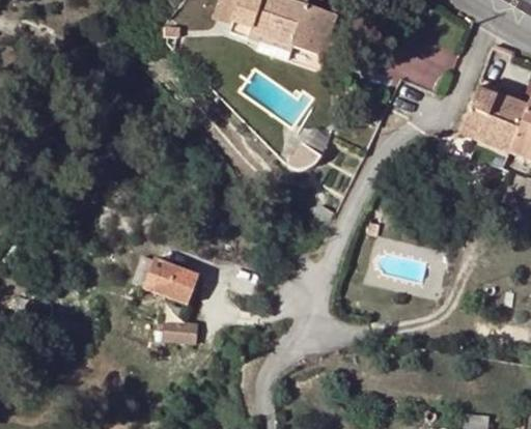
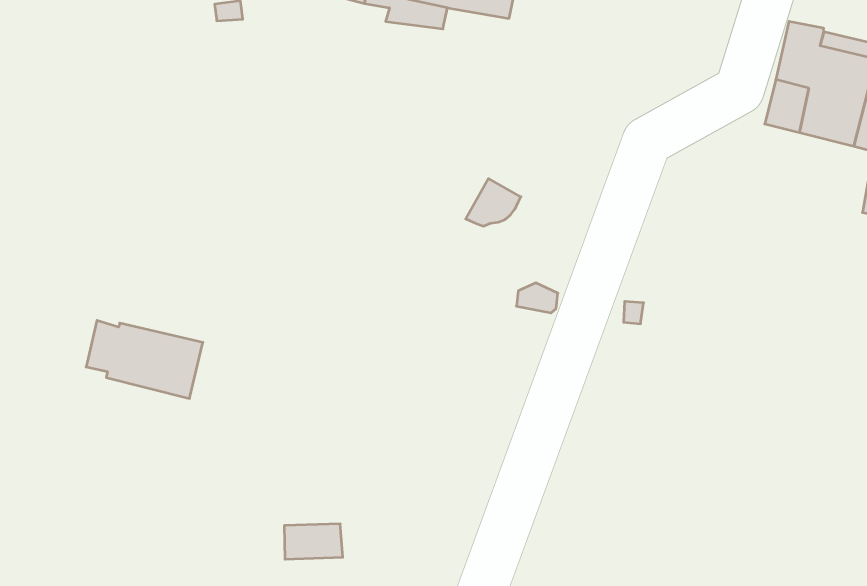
building: [134,255,200,305] -> [86,320,203,398]

